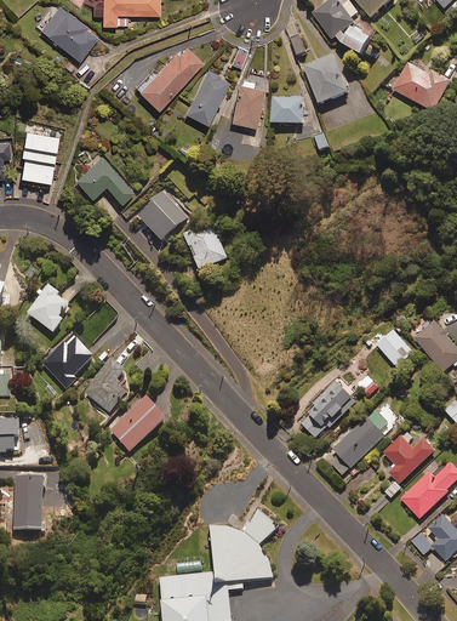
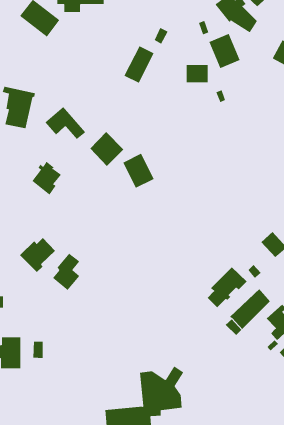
building: [138,42,202,107] -> none
building: [232,78,264,125] -> none
building: [27,284,69,332] -> [31,161,62,196]
building: [108,394,166,451] -> none

